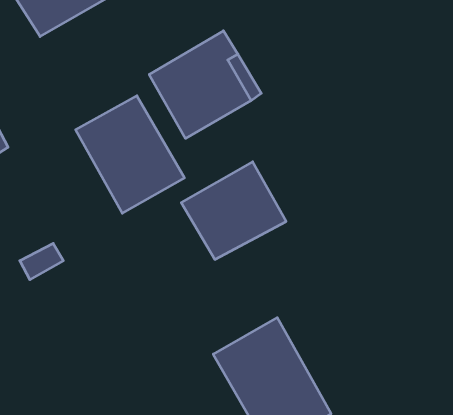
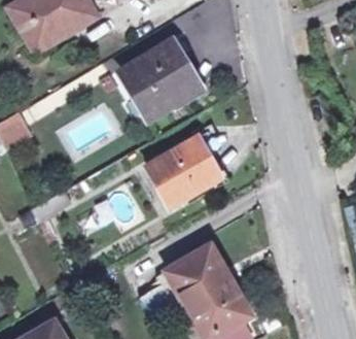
building: [76,96,184,213] -> none

